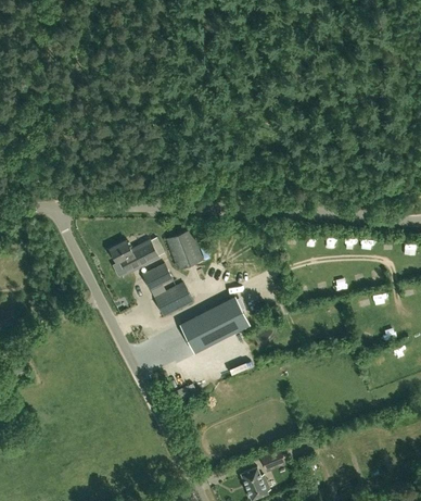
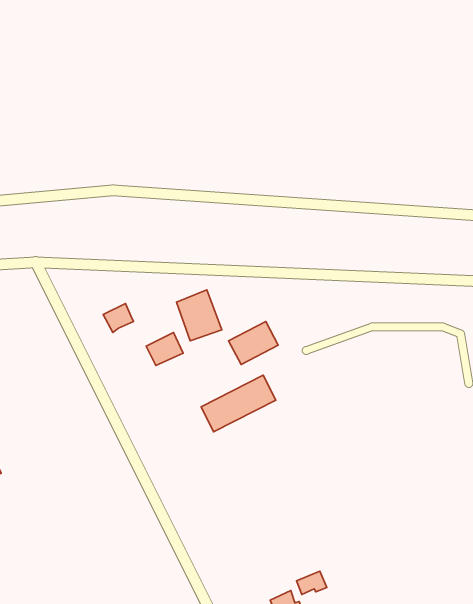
building: [120,241,157,271] -> none
building: [153,284,192,317] -> [229,322,278,364]

